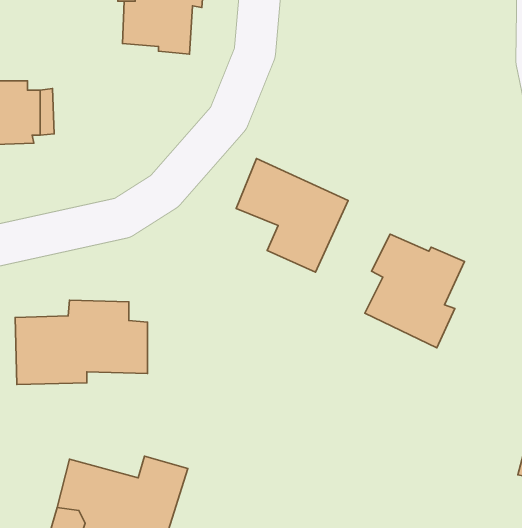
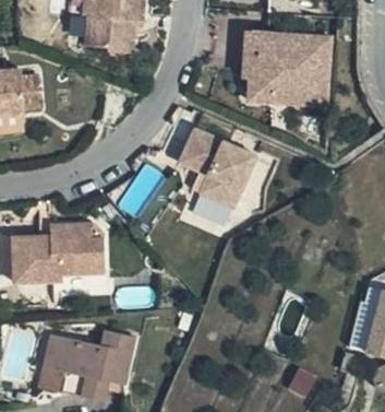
building: none -> [241,27,330,105]
building: [365,234,465,348] -> none

